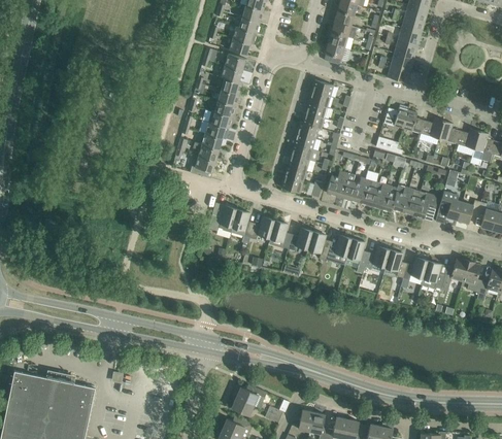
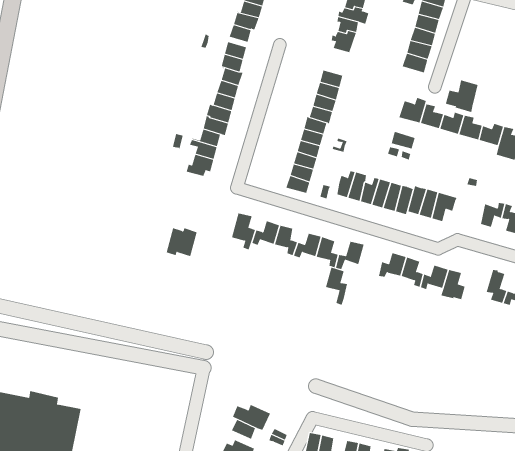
building: none -> [445,80,478,113]
building: [438,192,462,221] -> none
building: [208,206,237,233] -> [166,227,198,257]
building: [347,239,368,274] -> [325,267,348,305]
building: [441,259,469,292] -> none

